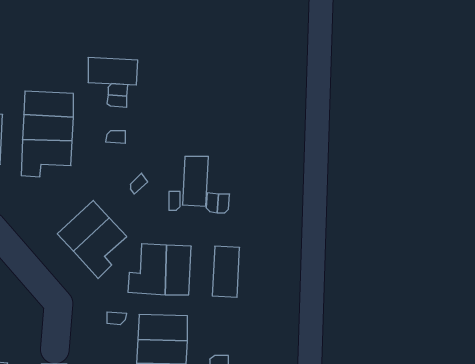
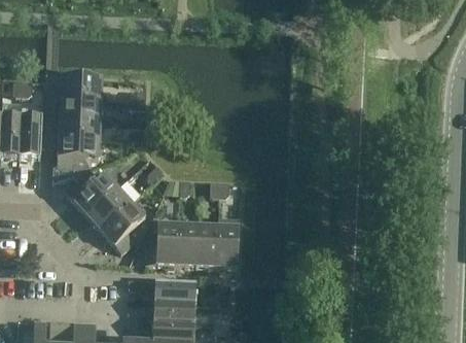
building: [88,58,138,85] -> [61,74,102,97]
building: [182,156,208,206] -> [196,224,218,265]
building: none -> [67,170,117,213]

